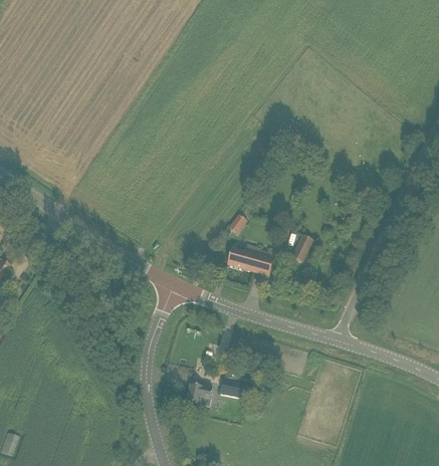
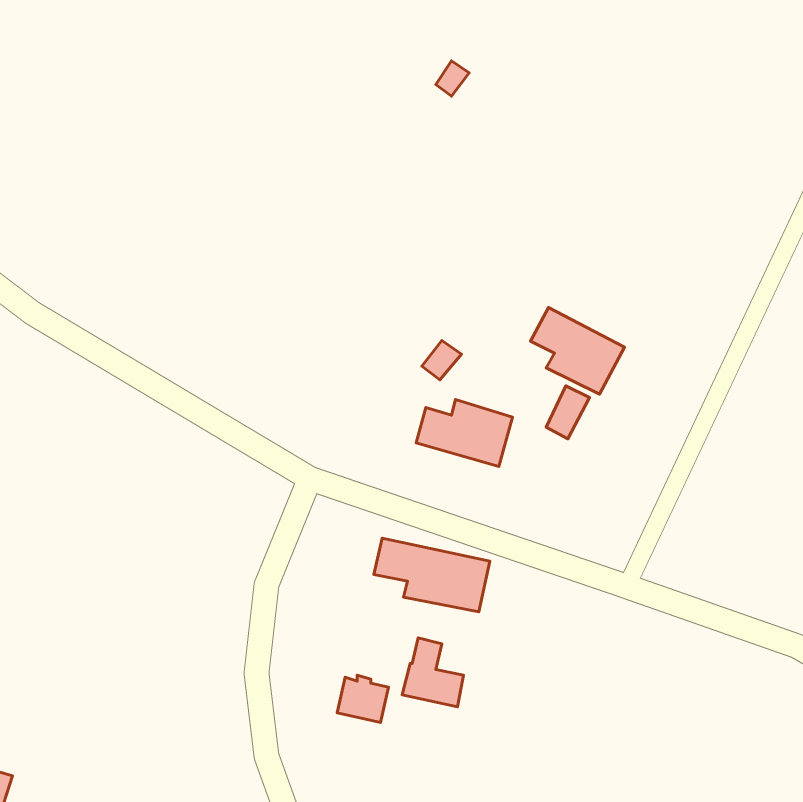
building: none -> [530,307,624,394]
building: none -> [374,538,490,612]

